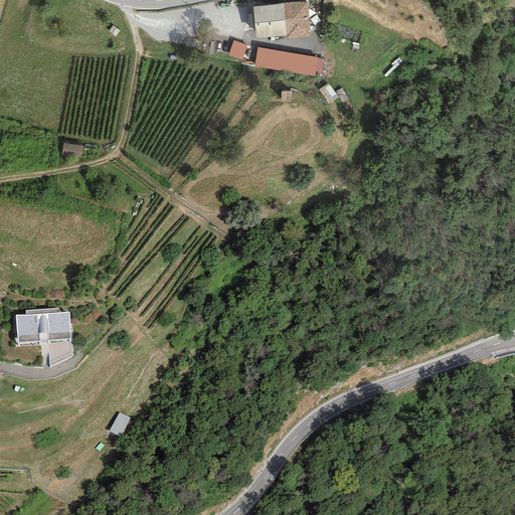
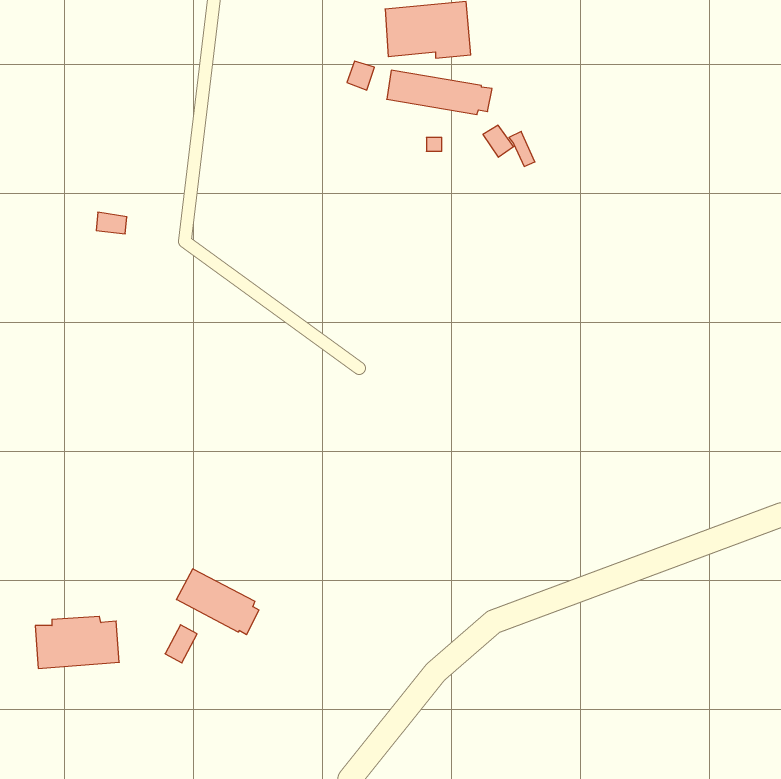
building: [15,308,70,342] -> [35,616,119,668]
building: none -> [176,569,259,635]

